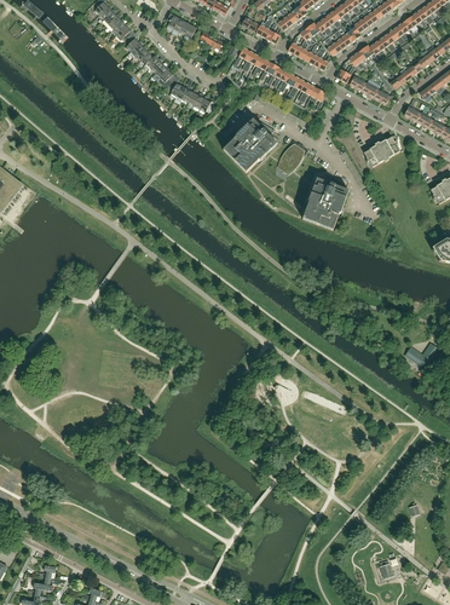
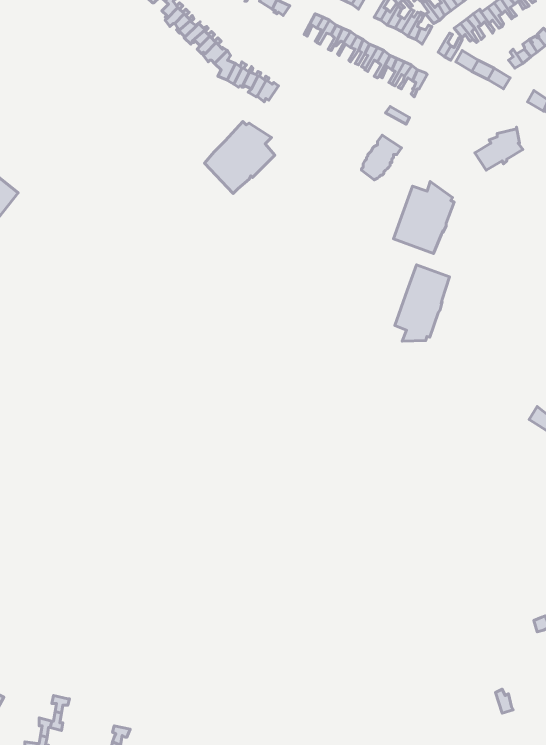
building: [223,119,276,173] -> [205,122,275,193]
building: none -> [395,265,450,341]

